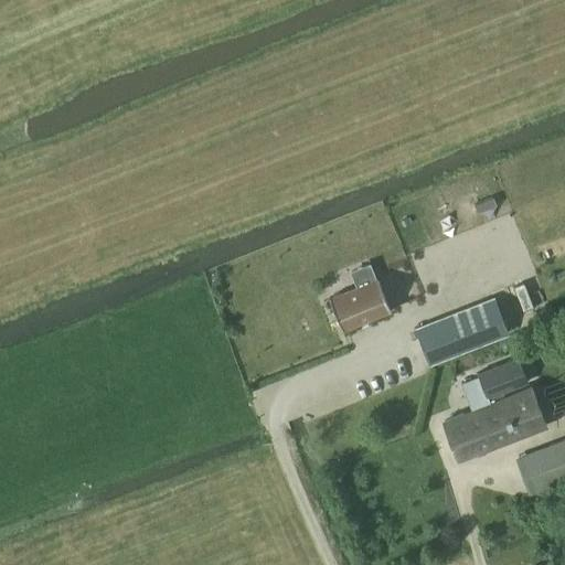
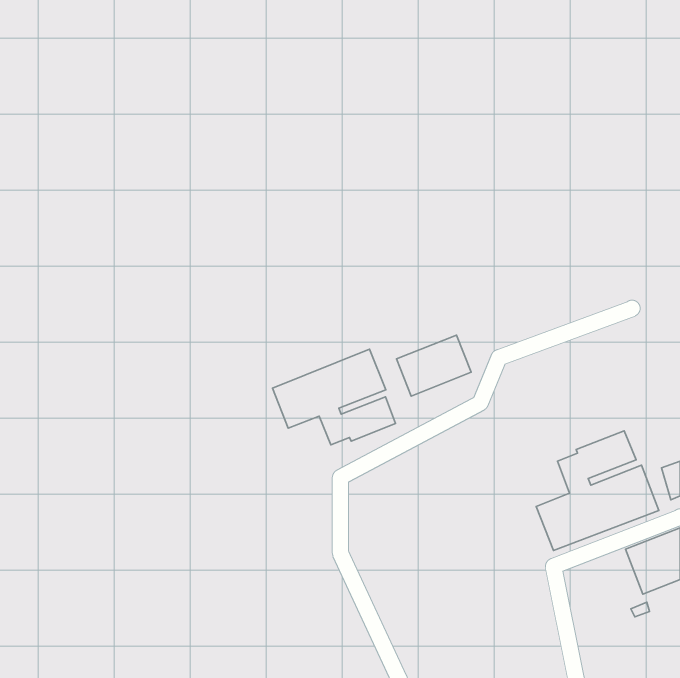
building: none -> [273,349,396,445]
building: [419,300,509,365] -> none

